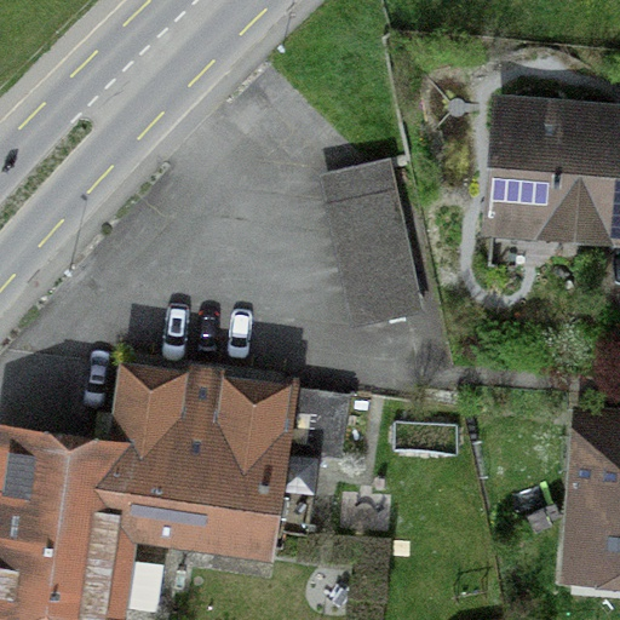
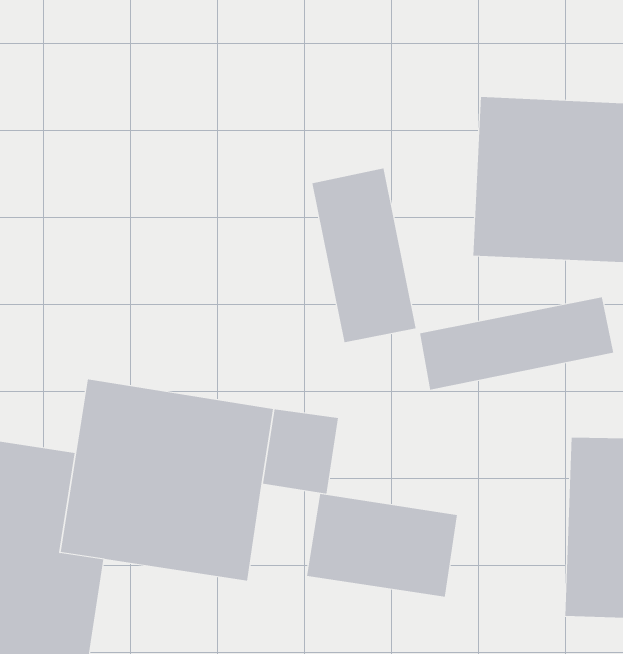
building: none -> [419,296,614,390]
building: none -> [306,493,457,598]

